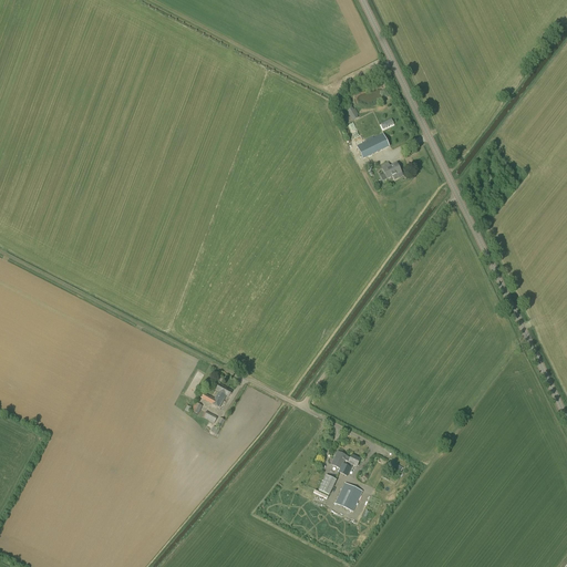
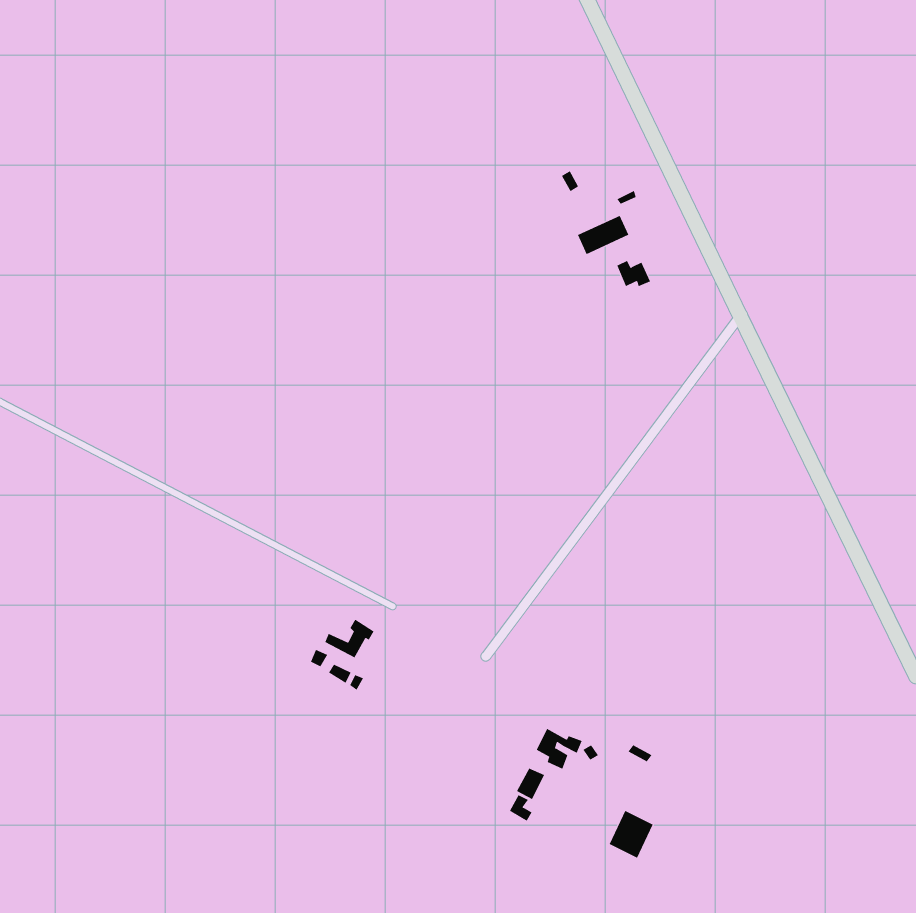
building: [334,481,362,511] -> [609,810,654,858]

